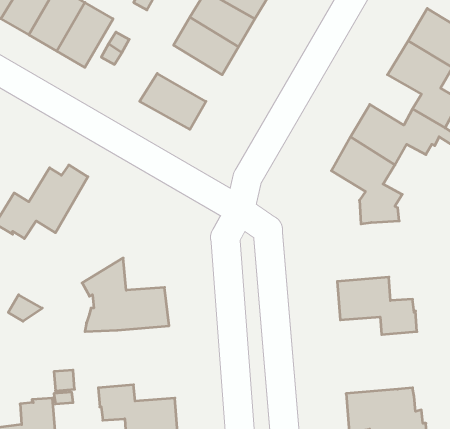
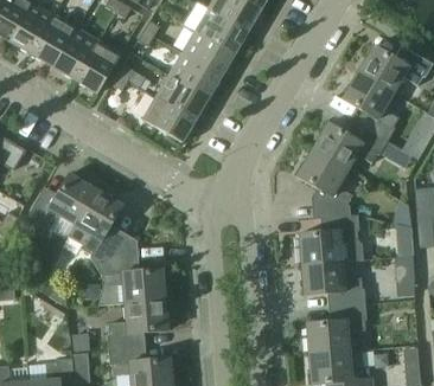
building: none -> [157,75,209,120]
building: none -> [68,180,129,265]
building: none -> [299,214,364,264]
building: none -> [107,300,168,349]
building: none -> [306,304,366,354]

